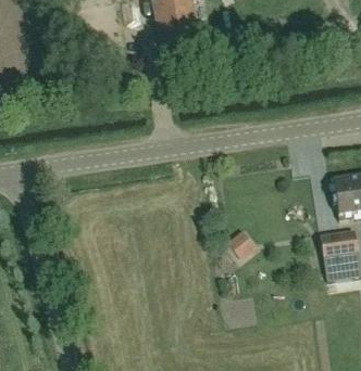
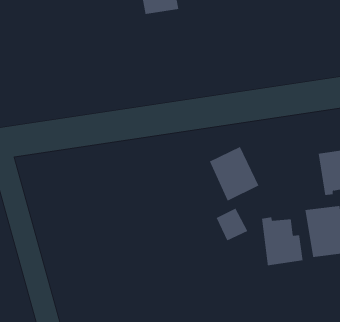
building: none -> [209,146,259,202]
building: none -> [262,217,303,266]

